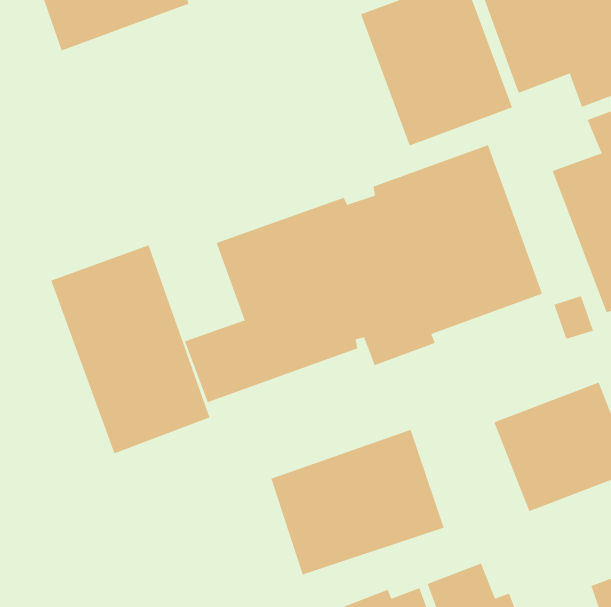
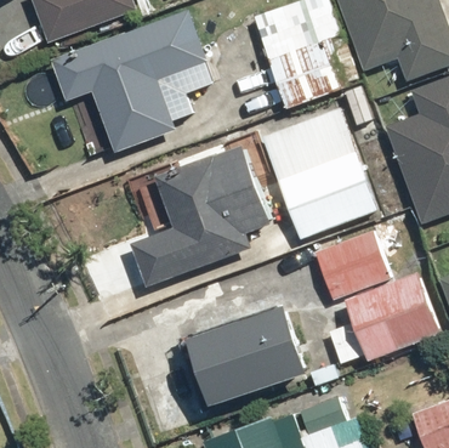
building: none -> [50,23,186,152]
building: [50,244,210,454] -> none
building: none -> [313,231,391,299]

